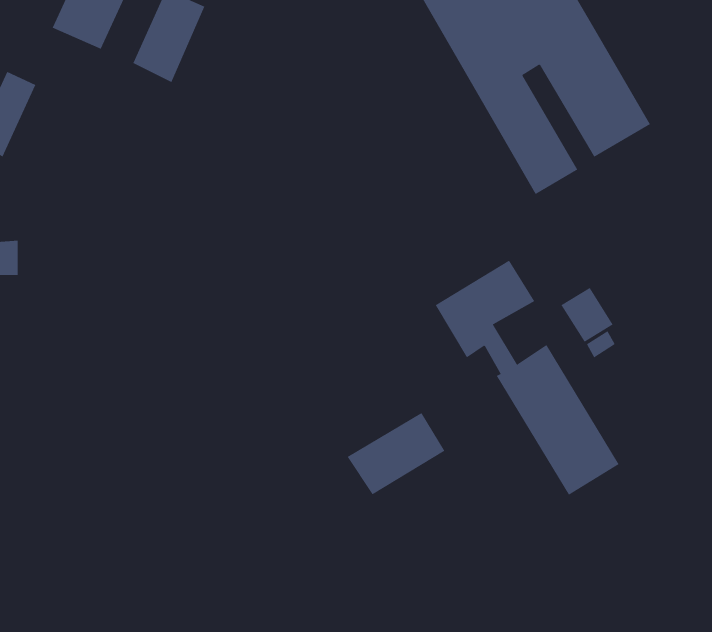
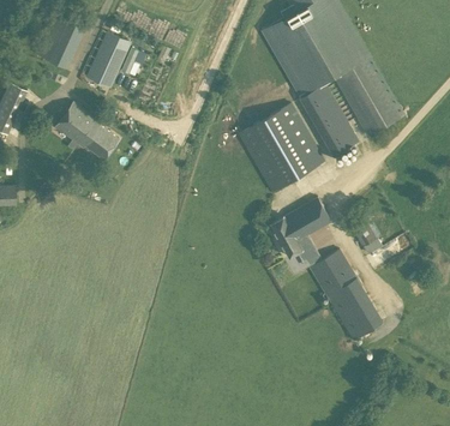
building: none -> [54,103,119,161]
building: none -> [238,104,325,193]
building: [347,412,445,495] -> none

